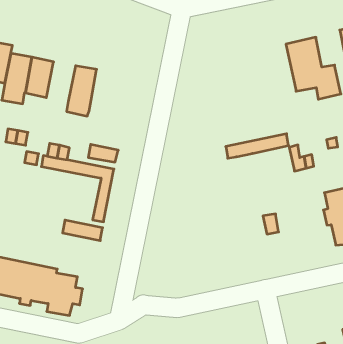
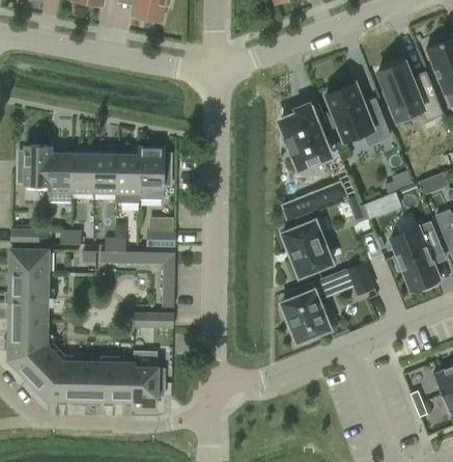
building: none -> [281,104,330,168]
building: none -> [94,155,118,192]
building: none -> [139,147,172,199]
building: none -> [283,212,332,275]
building: none -> [346,261,375,295]
building: none -> [282,282,330,343]

